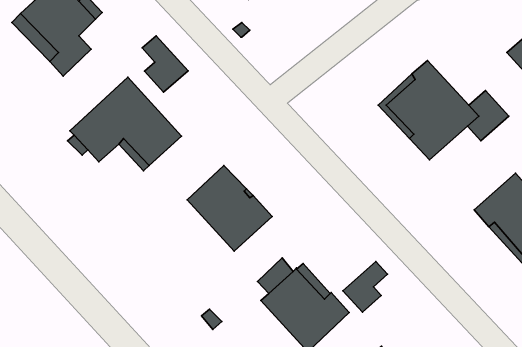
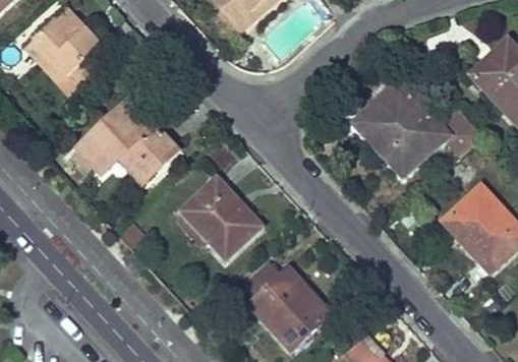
building: [142,36,188,92] -> none
building: [343,262,388,312] -> none

